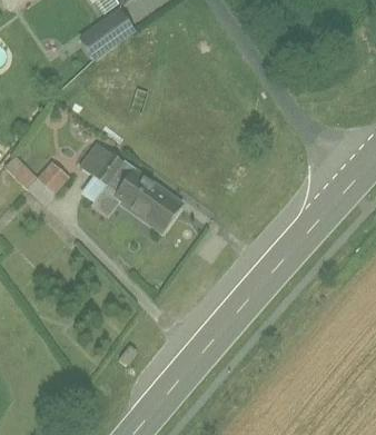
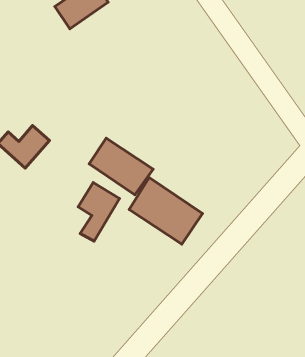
building: [81,139,125,200] -> [78,183,120,241]
building: none -> [129,177,203,244]

